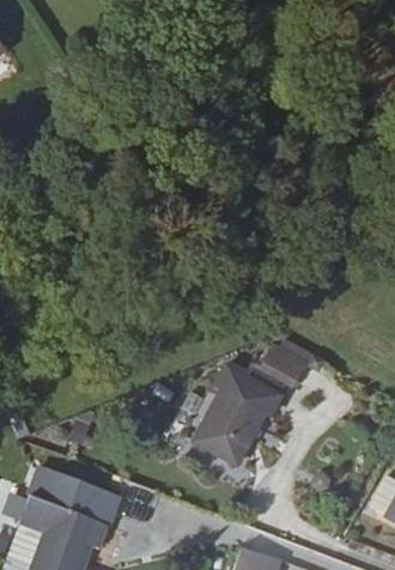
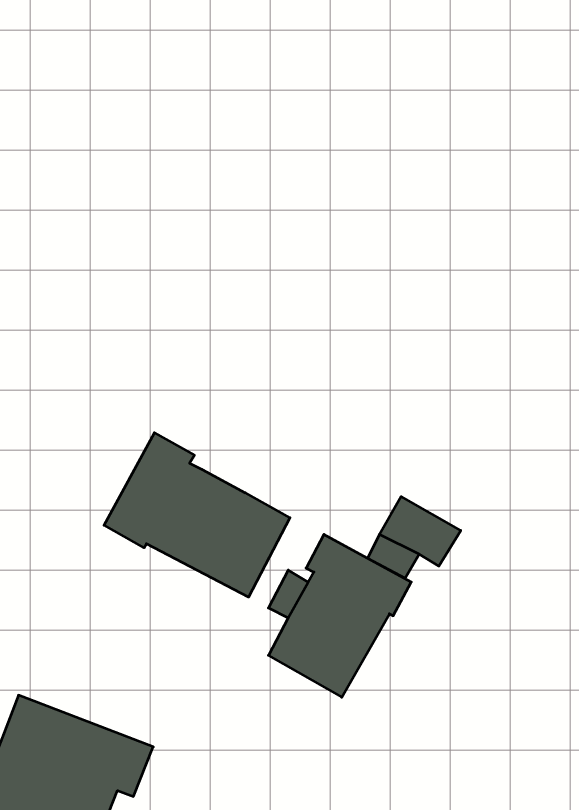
building: none -> [104,433,290,597]

